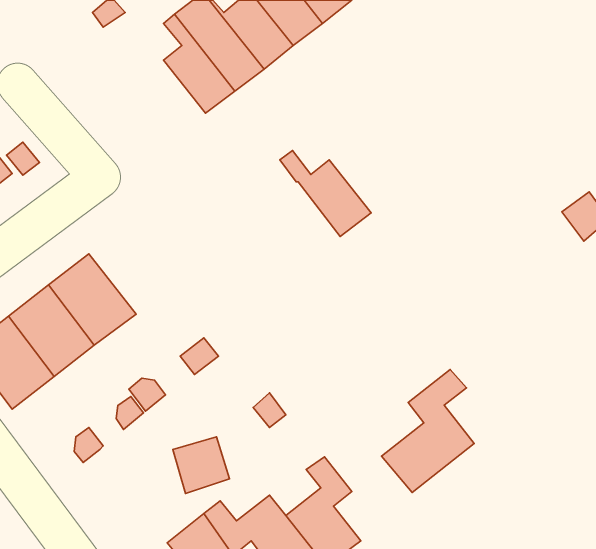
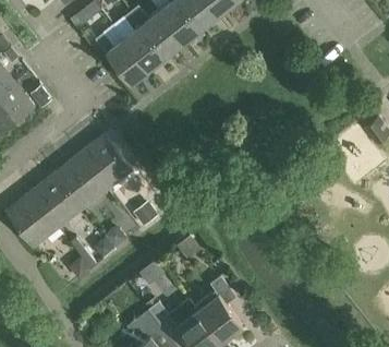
building: [280,151,371,237] -> [95,33,149,84]
building: none -> [80,134,133,190]
building: [381,369,474,492] -> none

